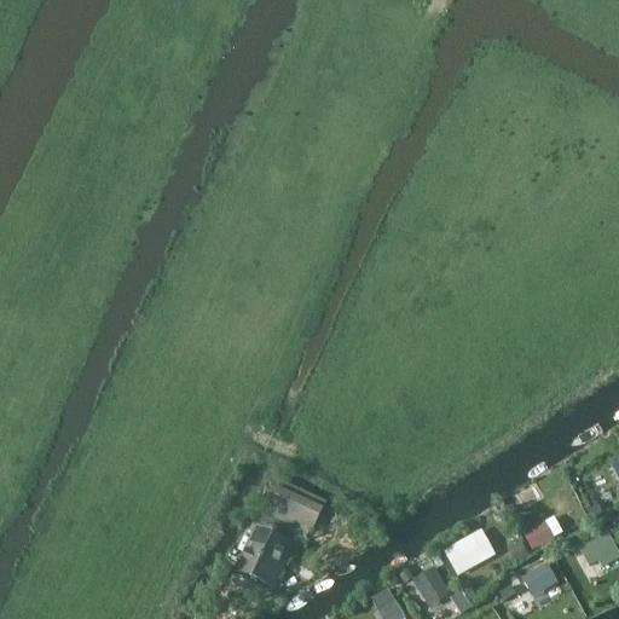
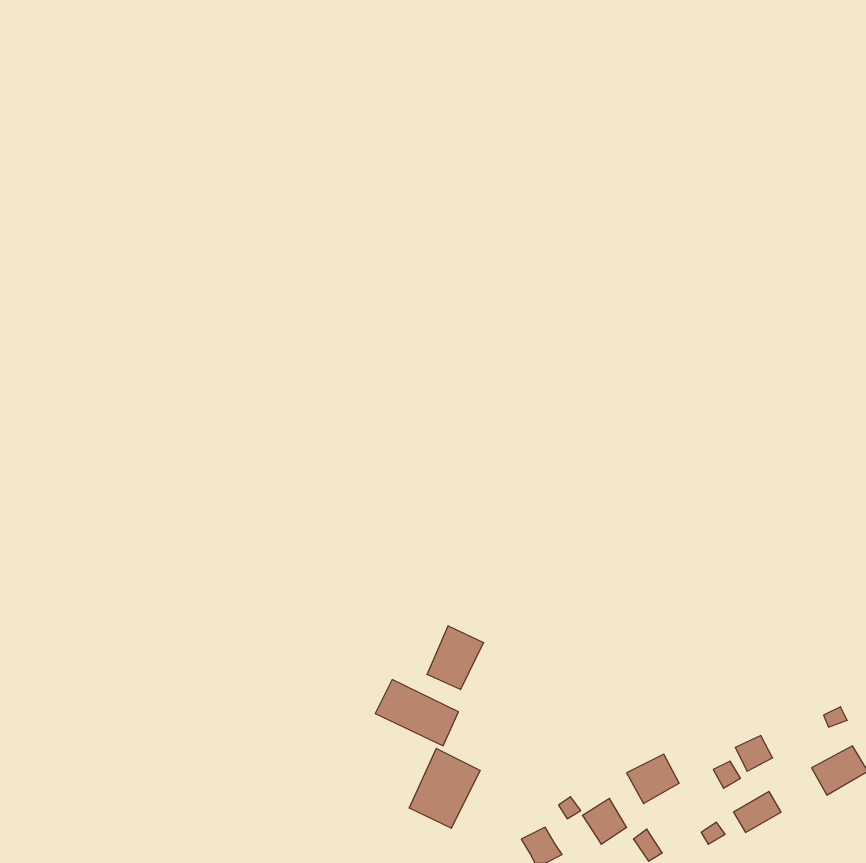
building: none -> [427,626,484,690]
building: [239,528,290,585] -> [409,748,480,828]

